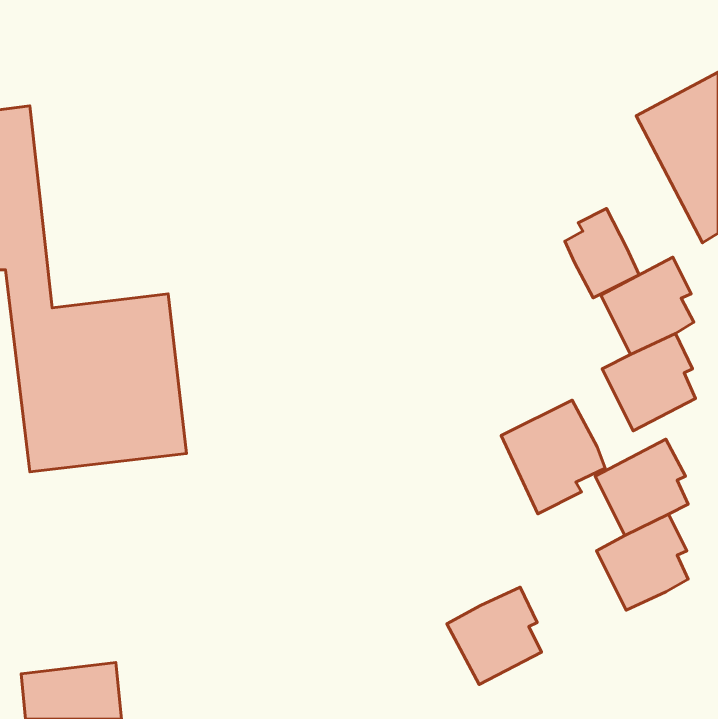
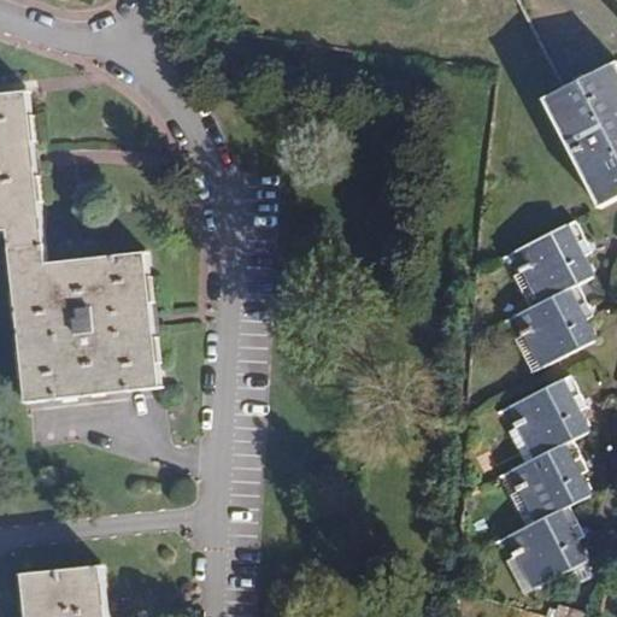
building: [565,209,639,298] -> none
building: [501,400,605,514] -> none
building: [447,587,541,685] -> [505,505,586,588]

